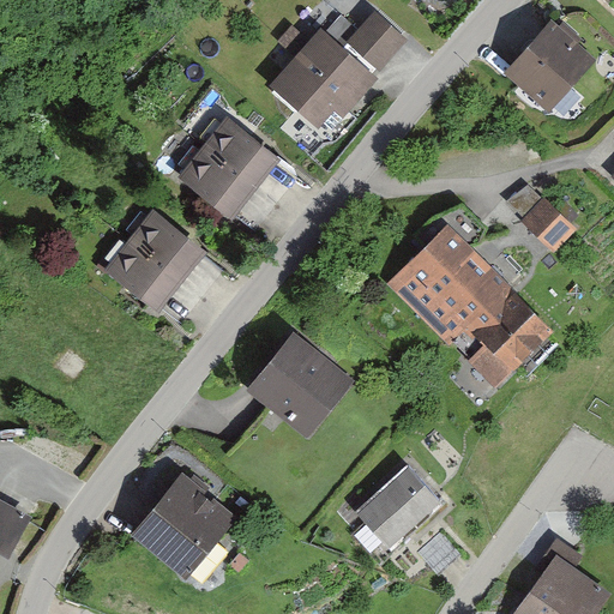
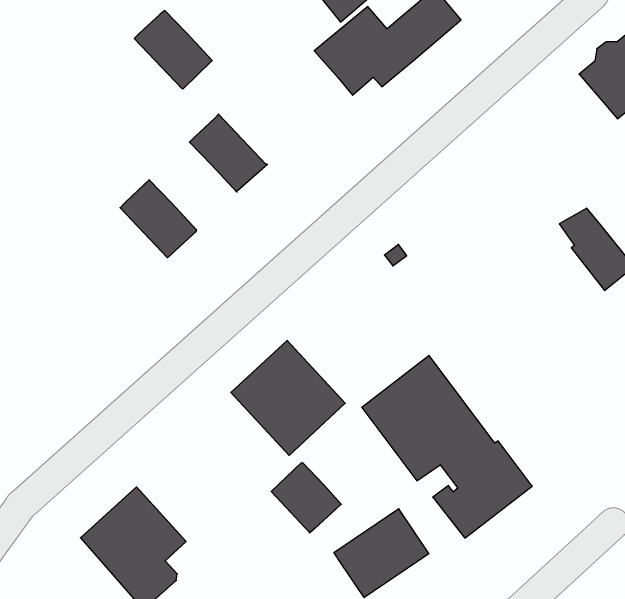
building: [205,121,275,186] -> [134,11,212,89]
building: [392,230,548,383] -> [362,355,532,538]
building: [109,241,179,306] -> none
building: none -> [271,463,341,533]

